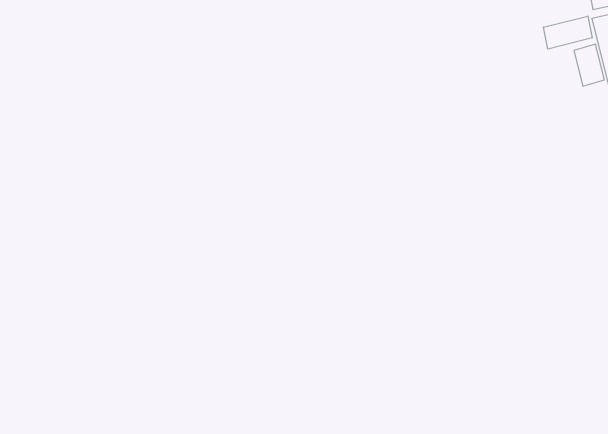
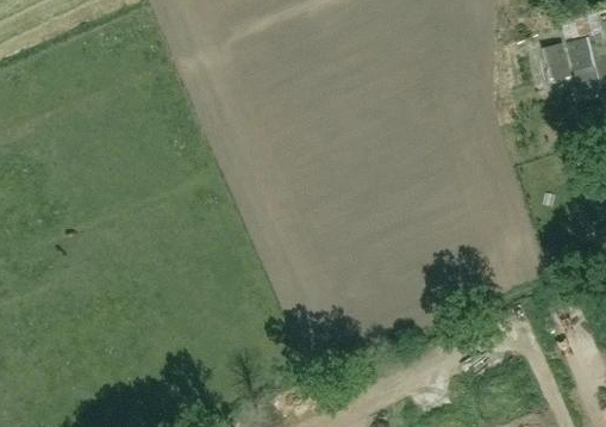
building: [543,16,592,49] -> none

